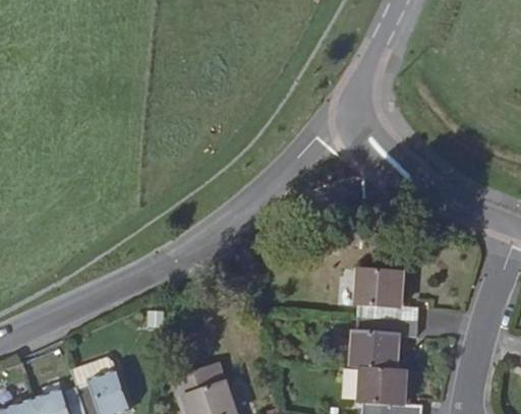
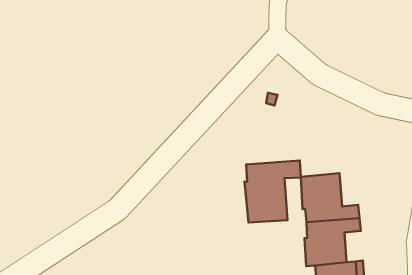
building: none -> [244,160,301,223]

